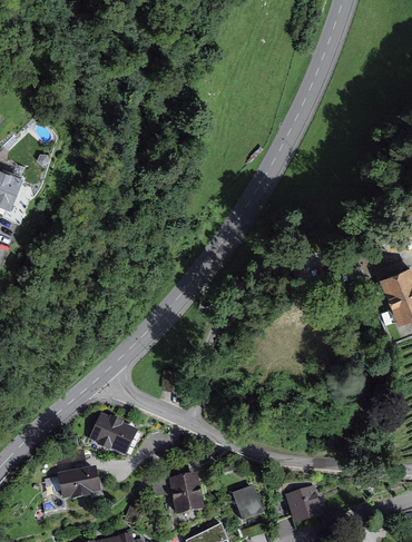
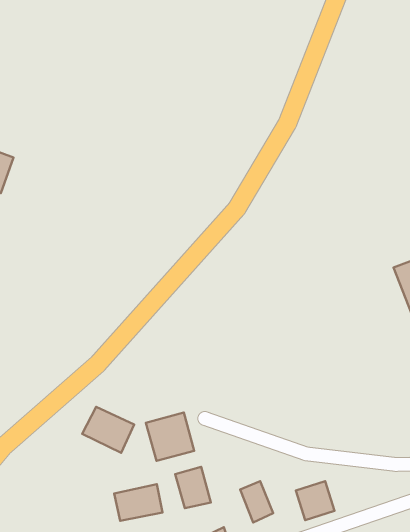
building: none -> [146,413,194,461]
building: [55,465,100,500] -> [114,484,163,521]

